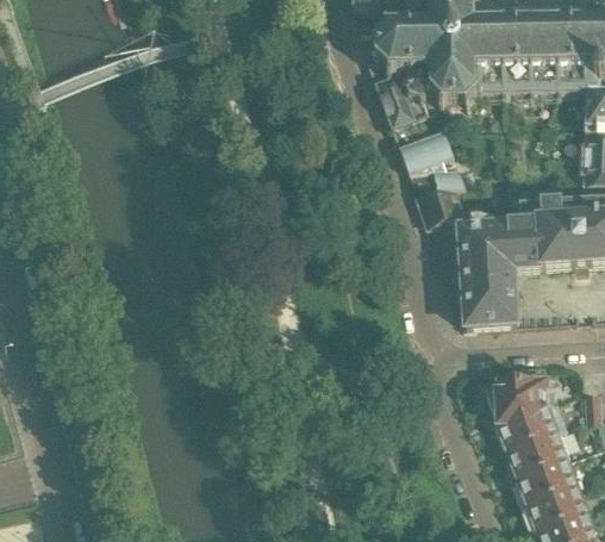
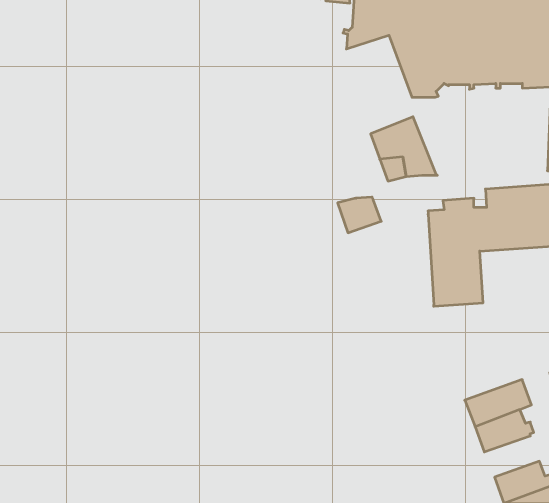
building: [367,41,442,124] -> none
building: [417,186,462,223] -> [338,197,381,233]
building: [486,372,556,419] -> none
building: [517,456,579,499] -> none

